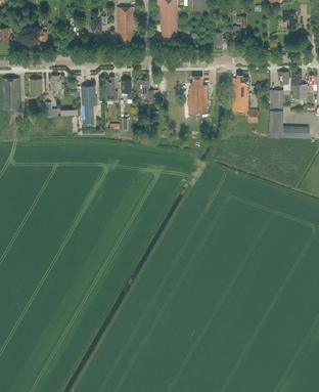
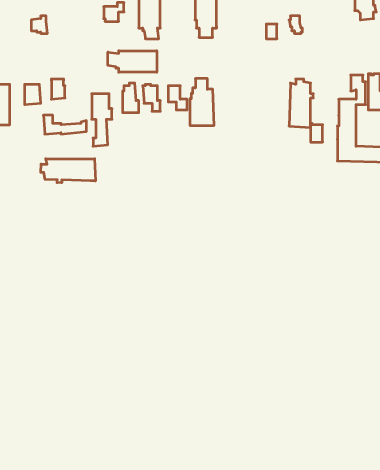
building: none -> [108,51,157,72]
building: [188,76,207,112] -> [190,79,214,125]
building: none -> [41,159,95,183]

